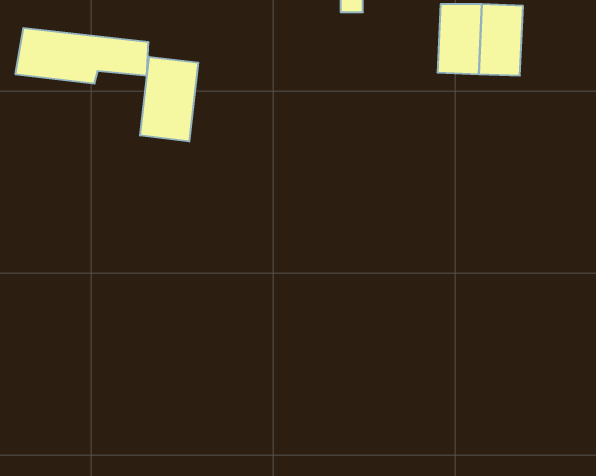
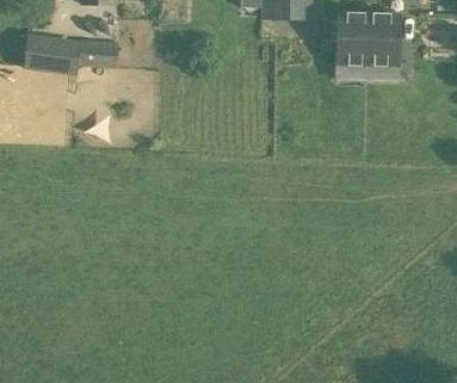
building: [140,57,198,142] -> none

